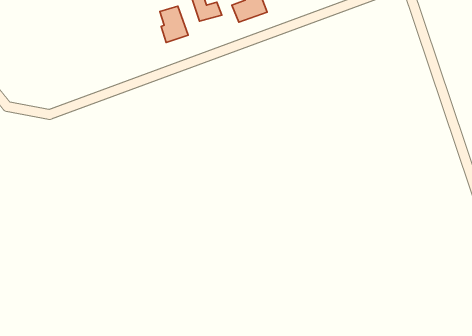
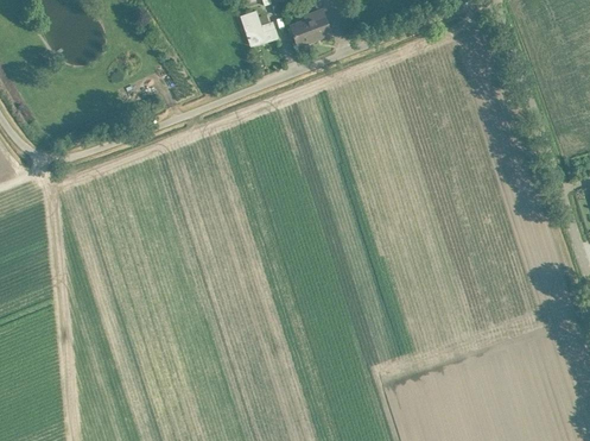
building: [160,6,188,43] -> none

